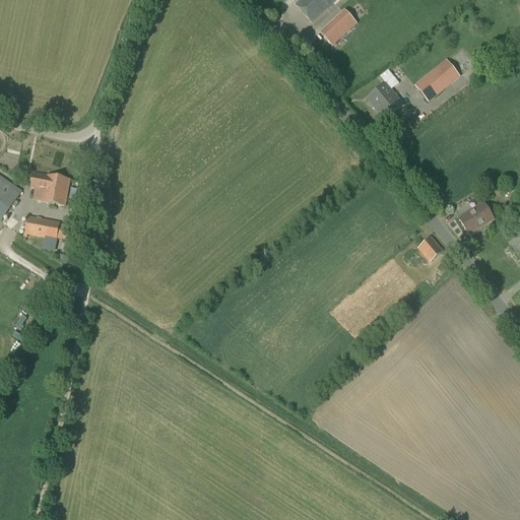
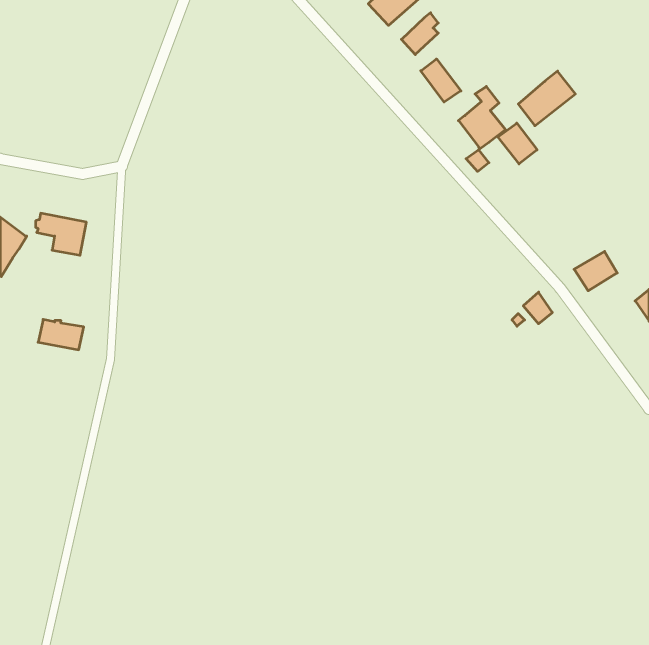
building: none -> [421,59,461,102]
building: none -> [498,123,537,164]
building: [23,214,60,239] -> [38,319,84,350]

